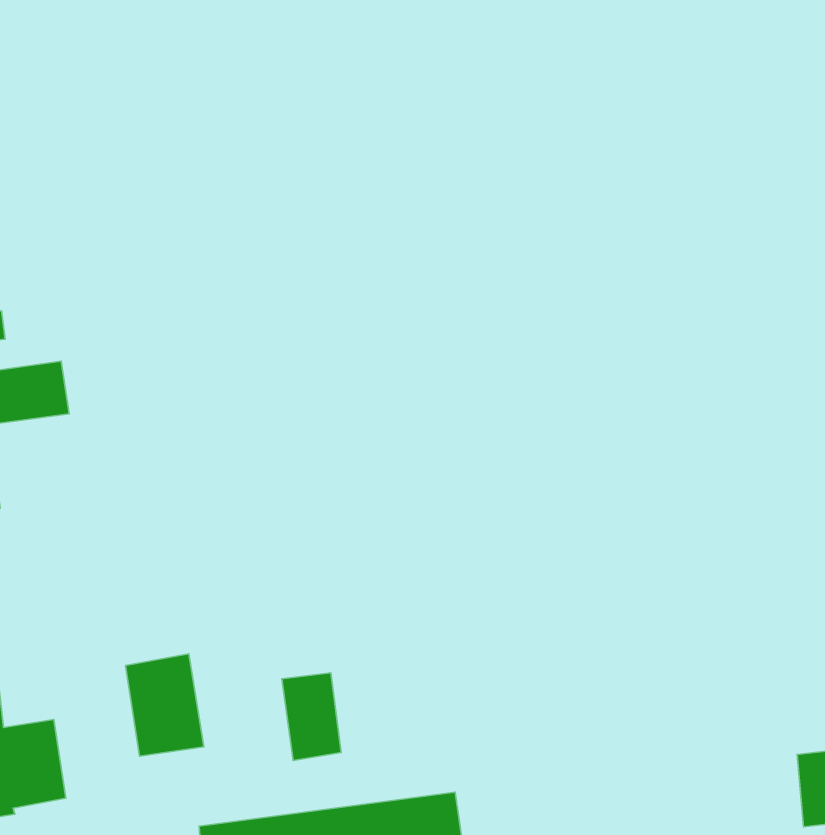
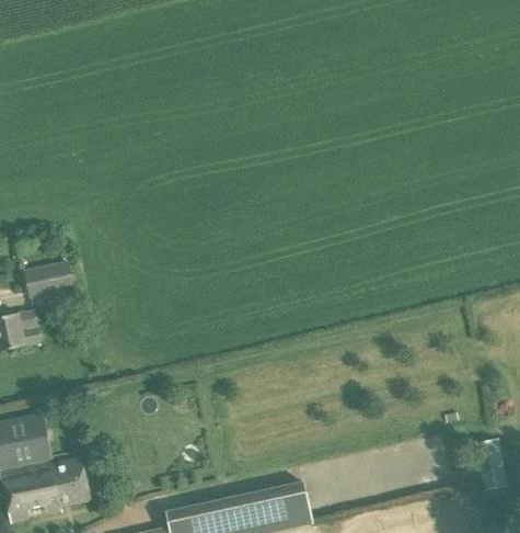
building: [125,654,204,756] -> none
building: [282,673,341,760] -> none

